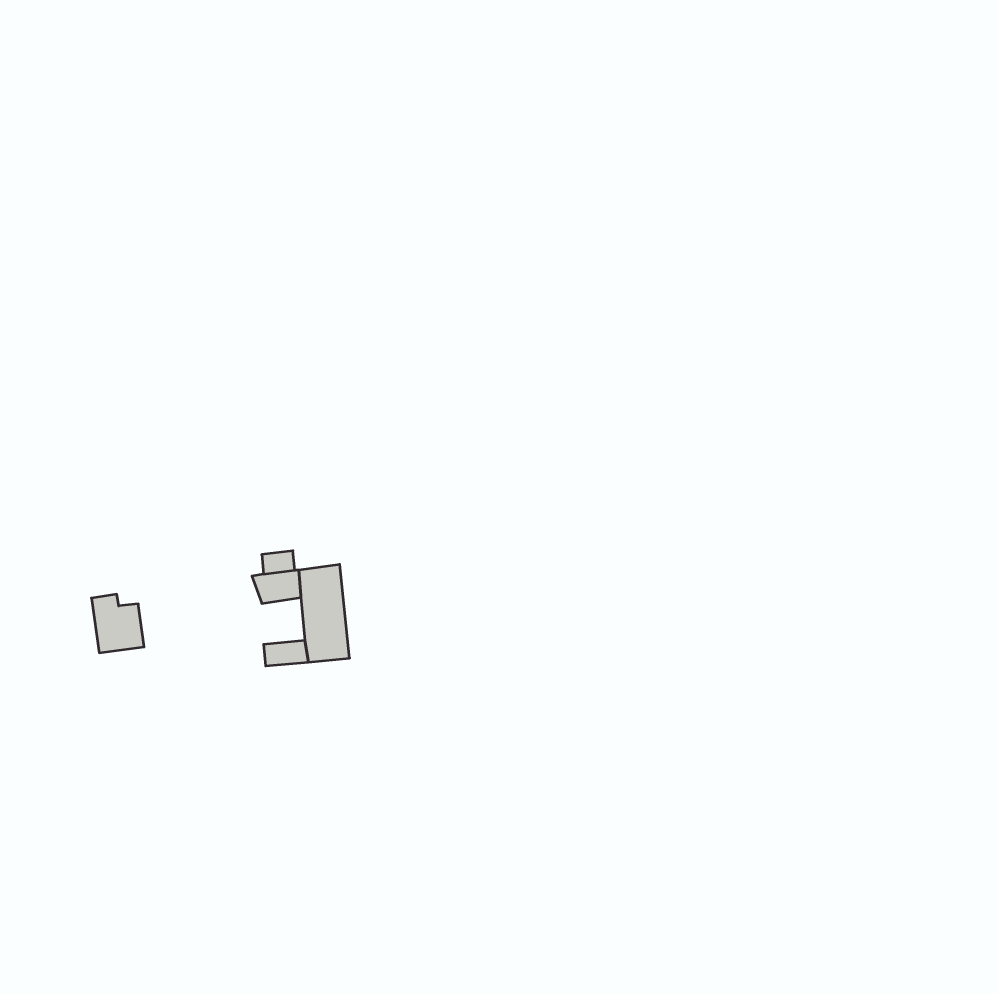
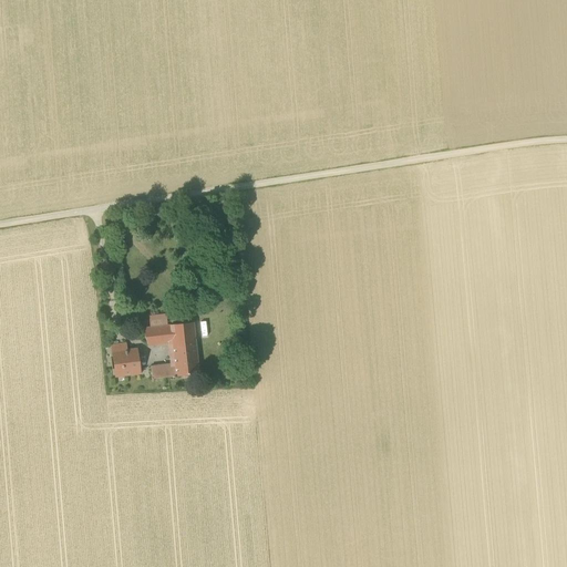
building: [91,594,144,653] -> [111,342,141,375]

